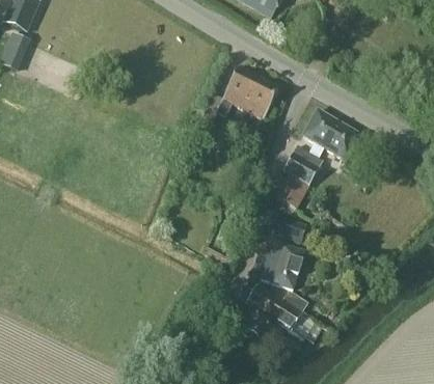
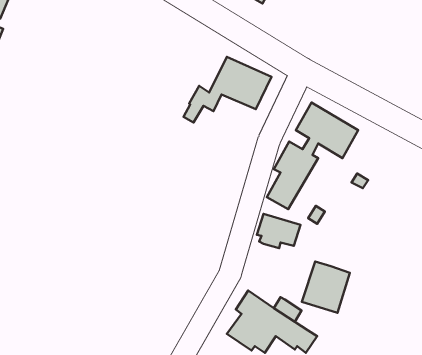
building: [260,241,304,289] -> [302,262,350,313]

